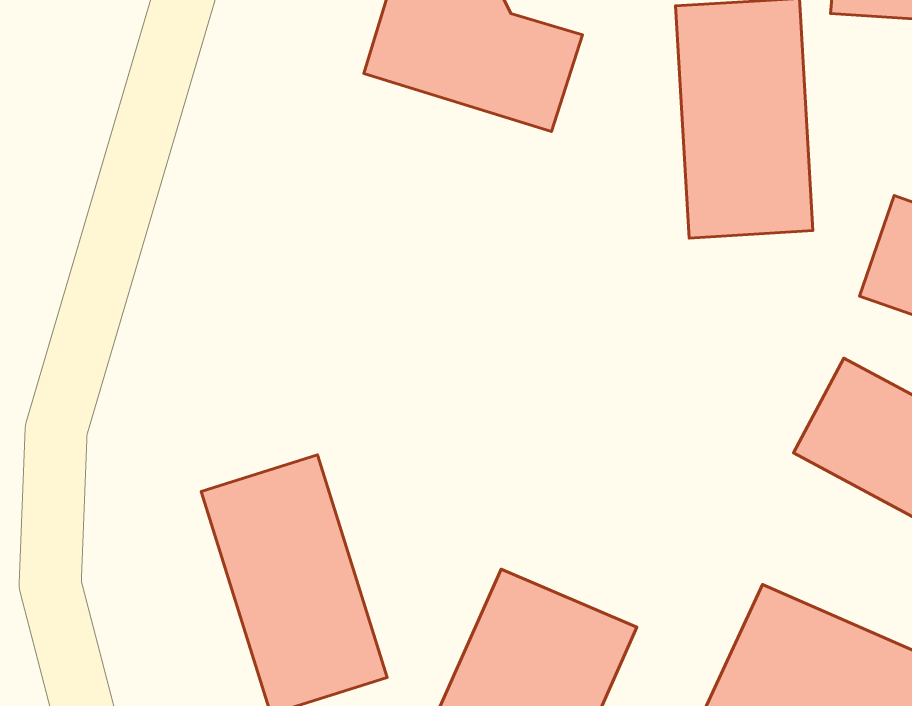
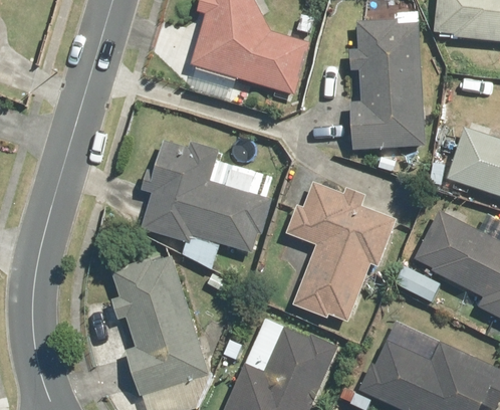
building: none -> [142,139,270,254]
building: none -> [286,183,397,321]

